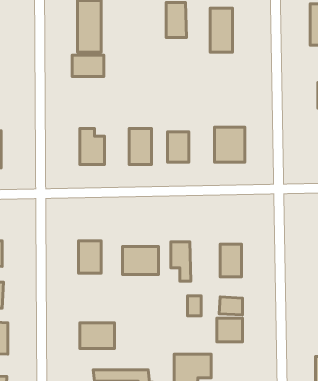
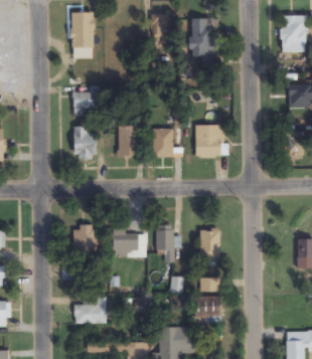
building: [72,55,104,76] -> [72,92,101,111]

